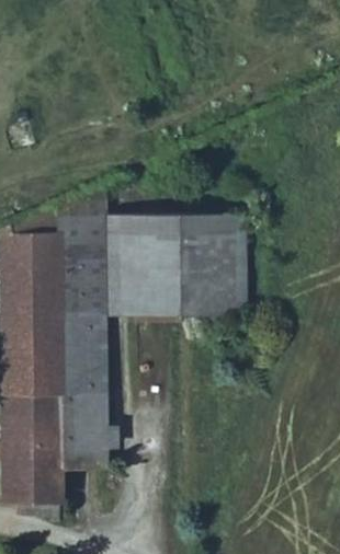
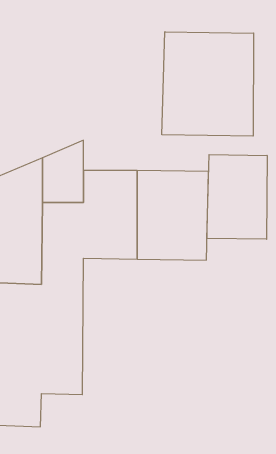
building: none -> [162,32,254,136]
building: none -> [207,155,267,239]

